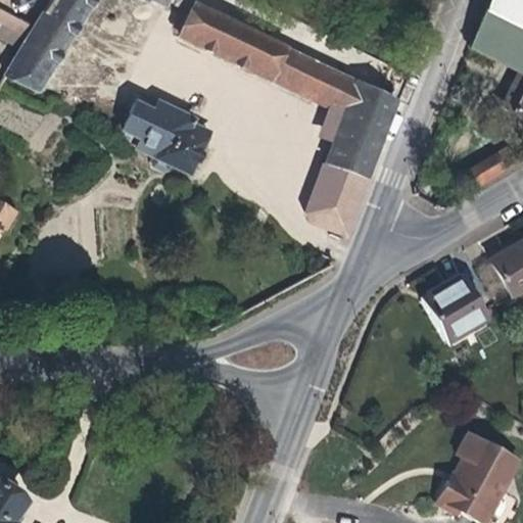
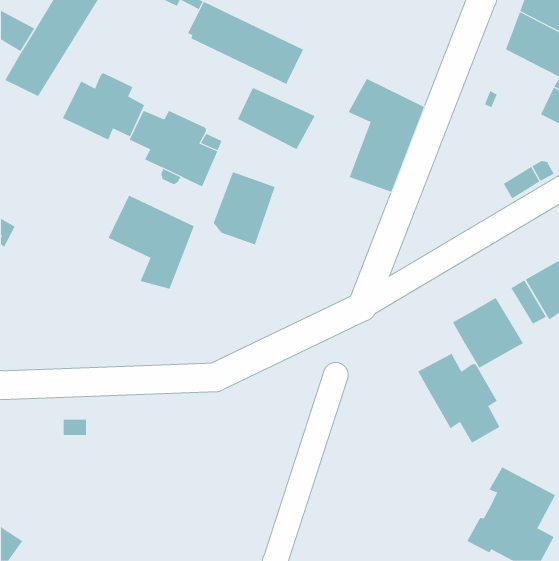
building: [271,46,343,104] -> [237,87,315,150]
building: none -> [62,73,145,140]
building: [308,164,367,233] -> [213,171,275,245]
building: none -> [108,195,195,289]
building: none -> [417,353,500,444]

